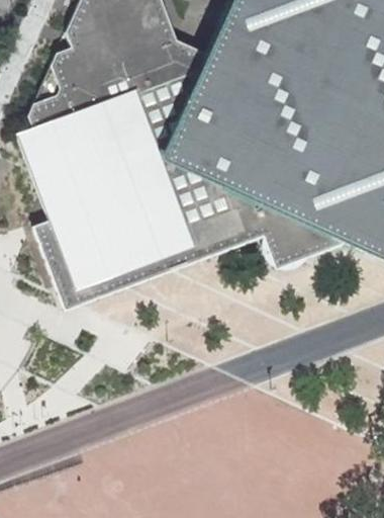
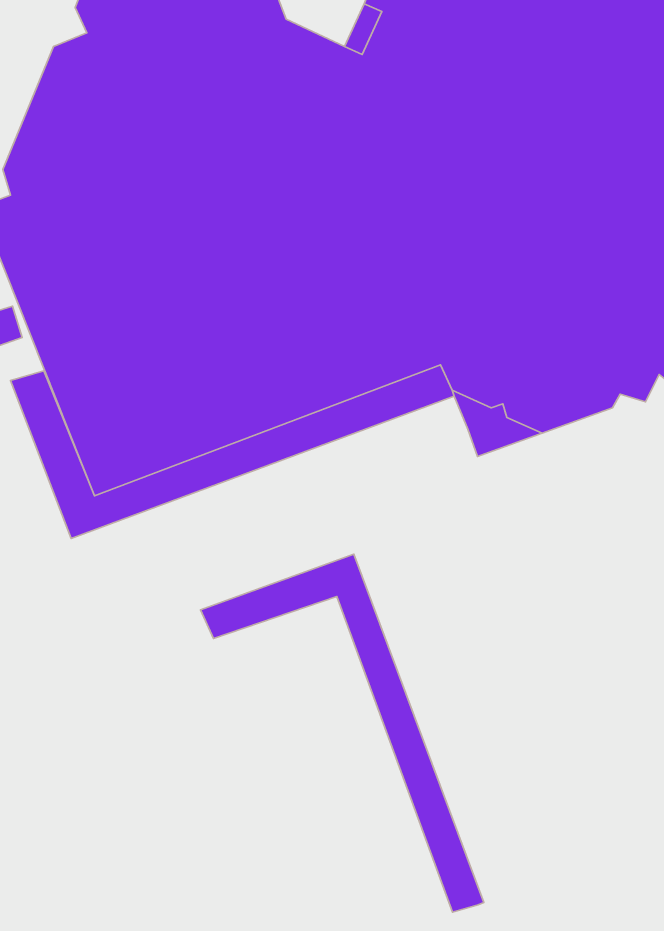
building: none -> [200,554,484,912]

